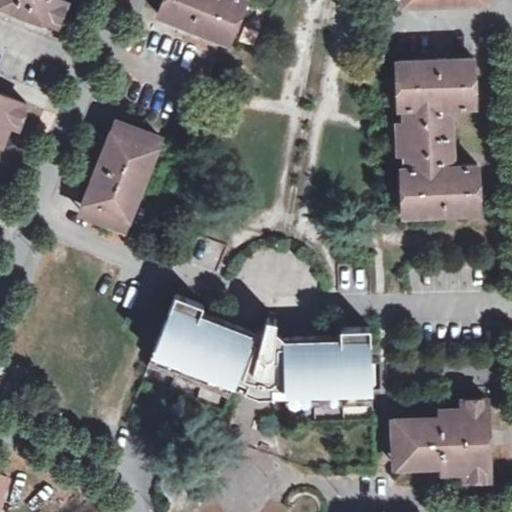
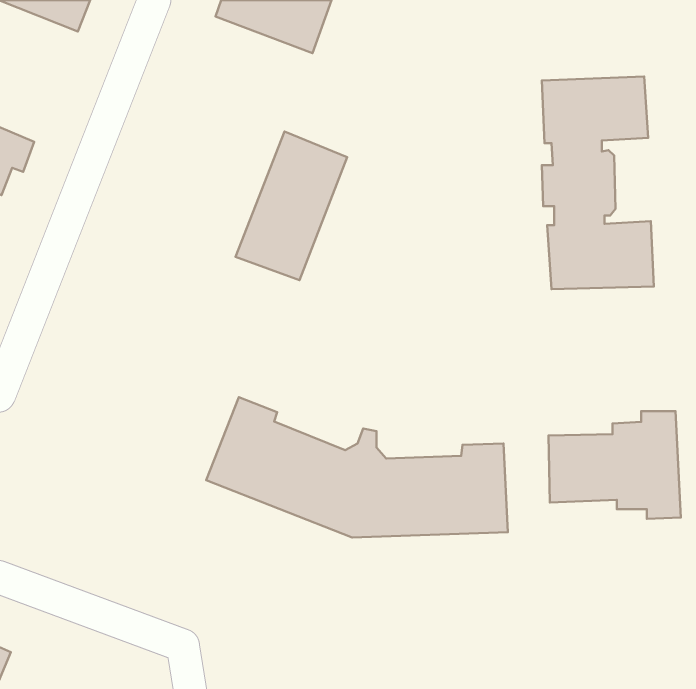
building: [79,123,161,232] -> [235,131,347,280]
building: [393,404,490,483] -> [548,411,681,519]

